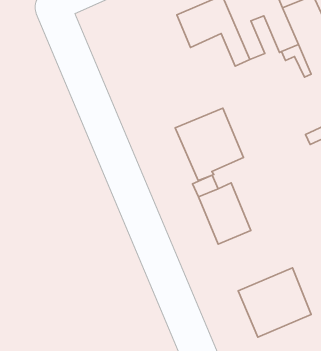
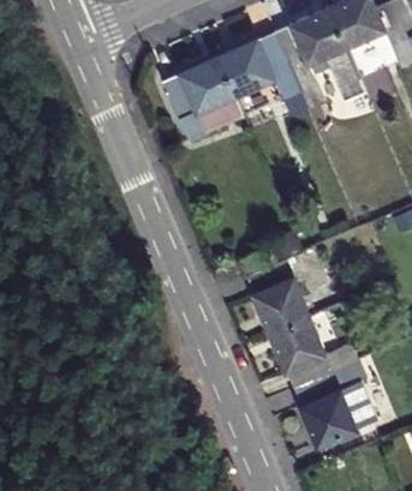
building: [175,108,244,180] -> [161,54,244,142]
building: none -> [269,316,359,389]

